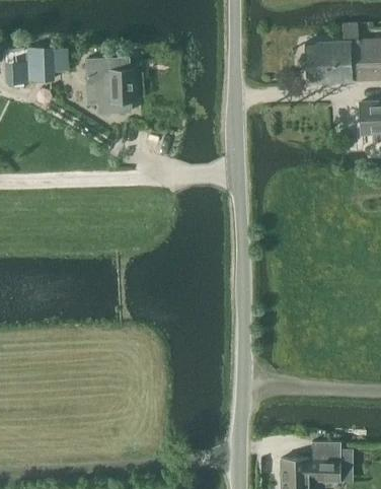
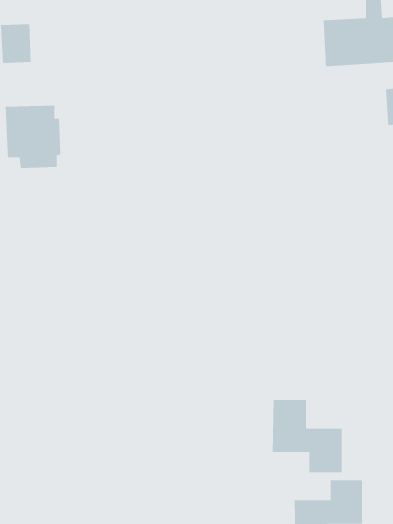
building: [86,59,135,114] -> [5,105,61,168]
building: none -> [272,399,342,473]

